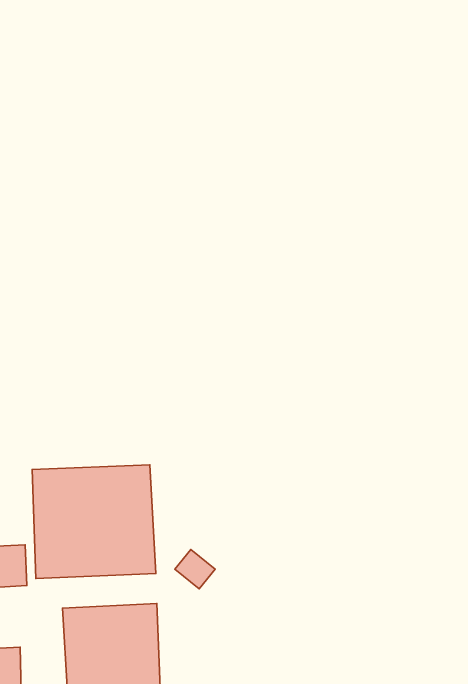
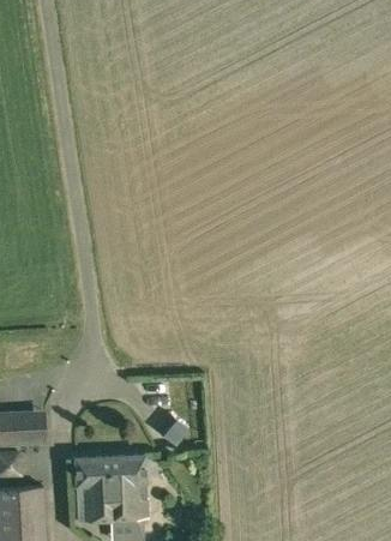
building: [32,465,156,578] -> none

